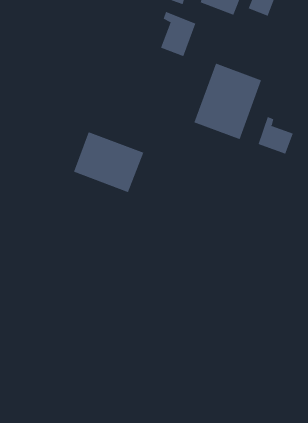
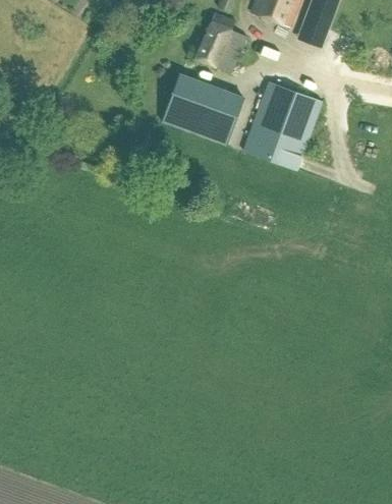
building: [258,116,293,155] -> none
building: [73,131,144,193] -> [161,73,243,145]

